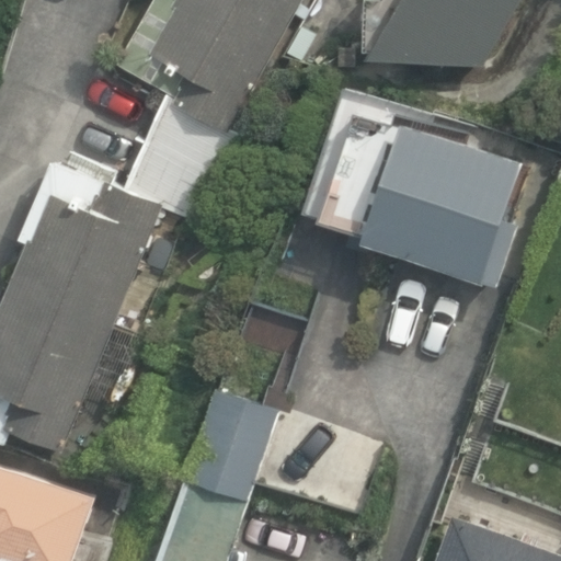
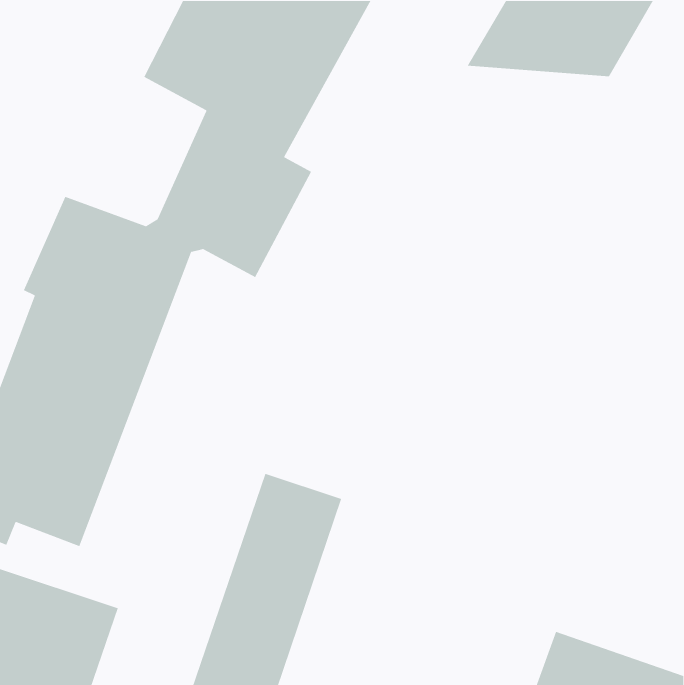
building: [320,111,520,280] -> none

